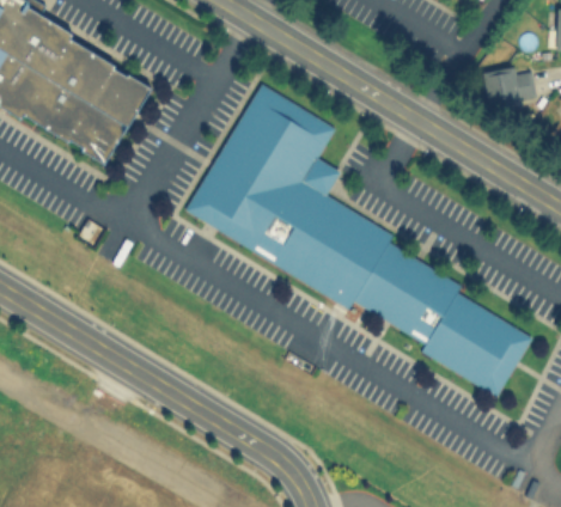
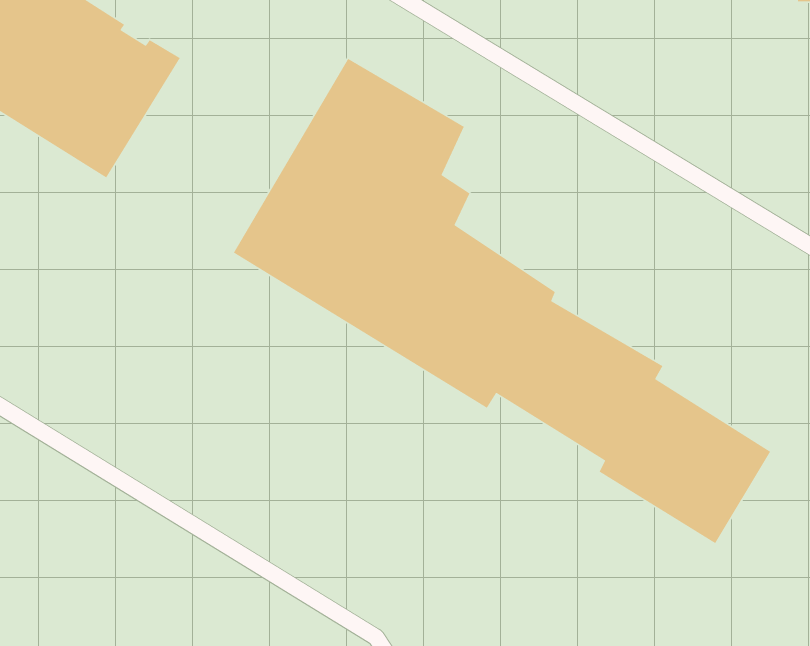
building: [483,67,535,110] -> none

